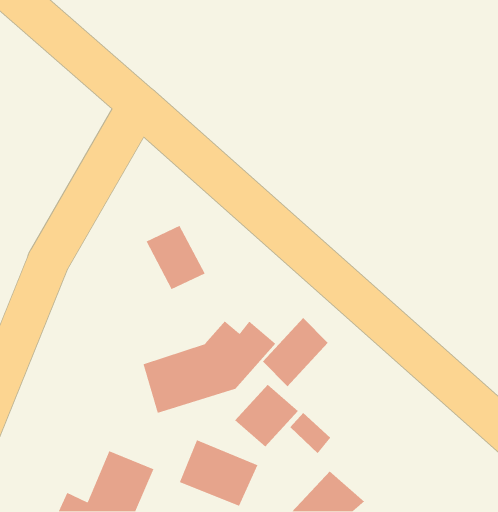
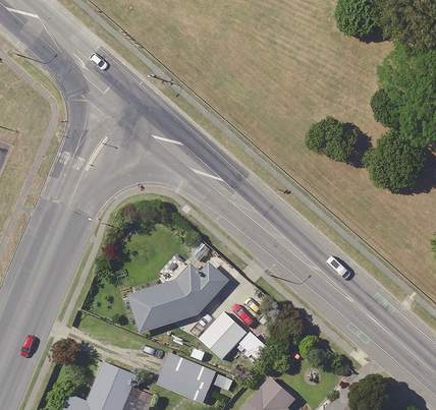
building: [146,225,206,290] -> none
building: [262,317,329,387] -> none

